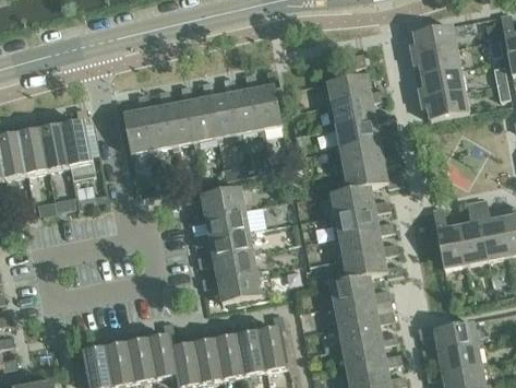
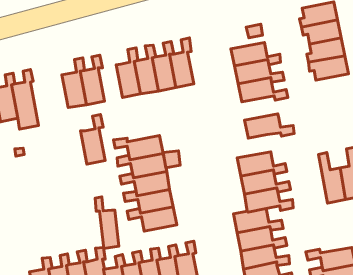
building: [166,84,195,144] -> [81,114,105,164]
building: [339,138,399,167] -> none
building: [329,185,389,213] -> none
building: none -> [95,197,119,248]

